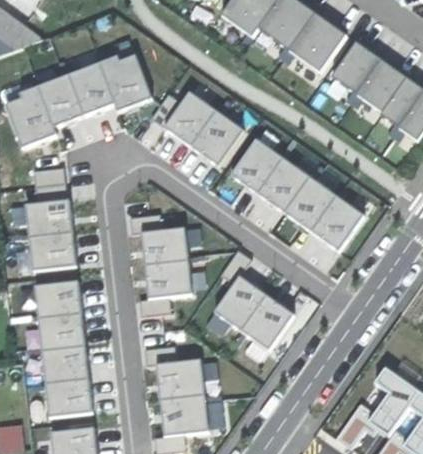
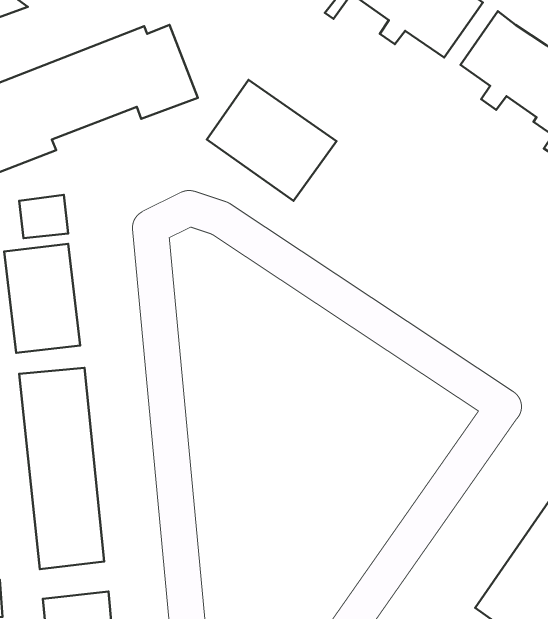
building: [228,135,367,253] -> none
building: [138,224,195,301] -> none
building: [210,272,298,354] -> none
building: [155,363,212,440] -> none

